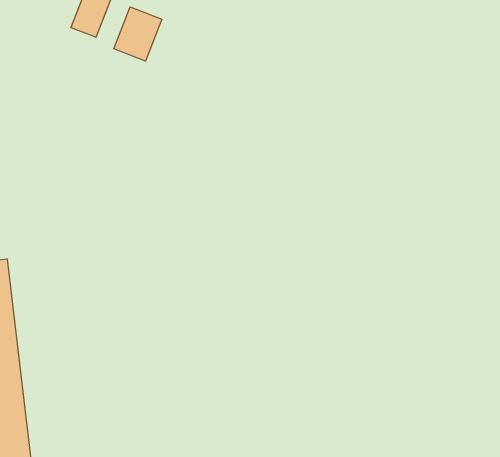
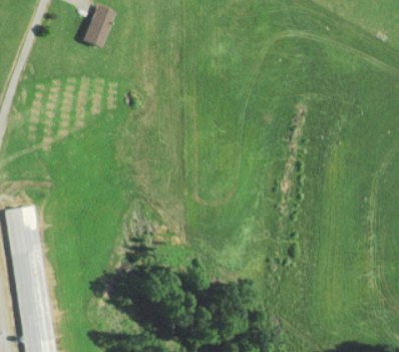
building: [114,7,162,61] -> none

